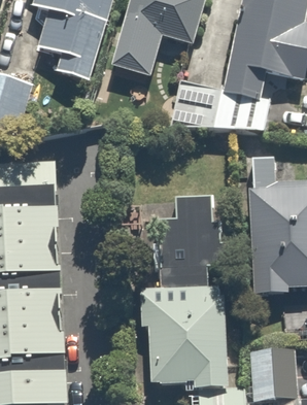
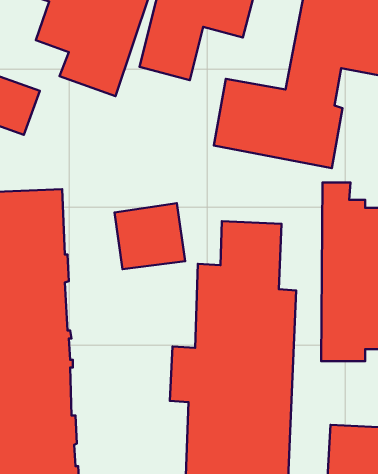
building: none -> [114,203,185,269]

